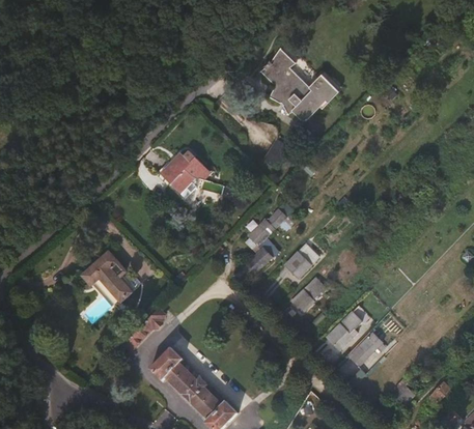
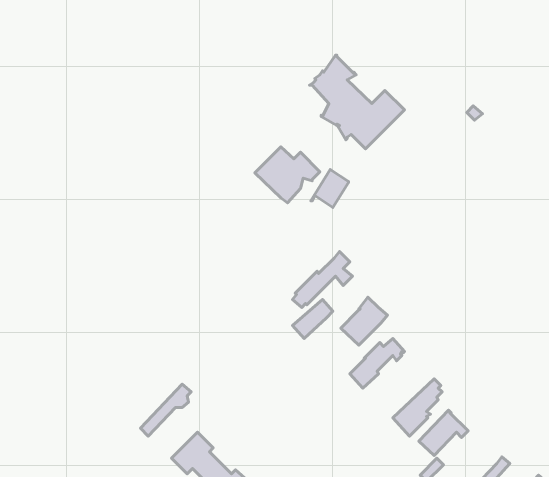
building: [160,153,212,198] -> [255,147,320,203]
building: [82,252,139,303] -> none

